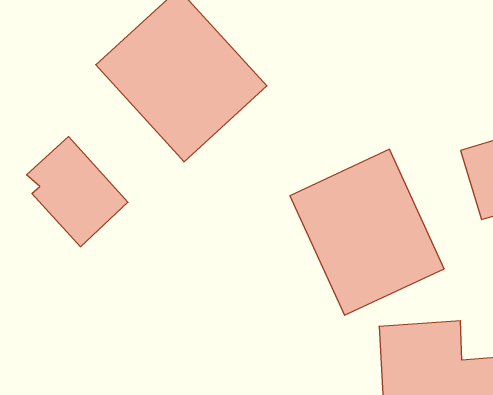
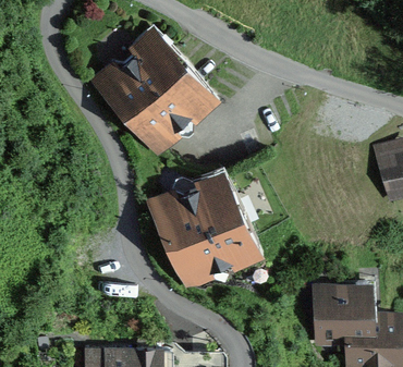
building: [27,137,128,247] -> none
building: [290,149,444,315] -> [143,164,262,293]

